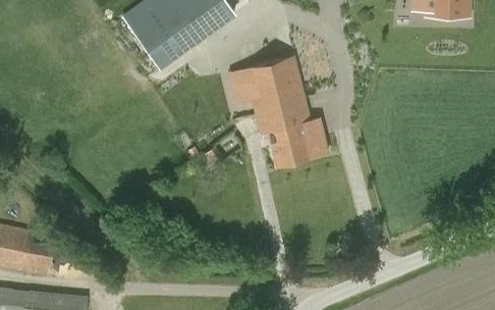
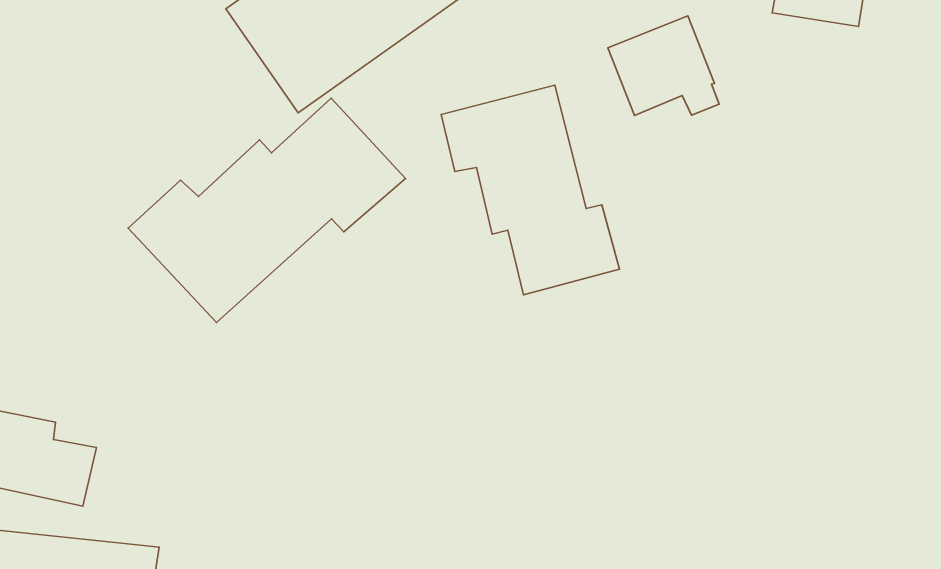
building: none -> [608,16,719,116]
building: none -> [128,98,405,322]

